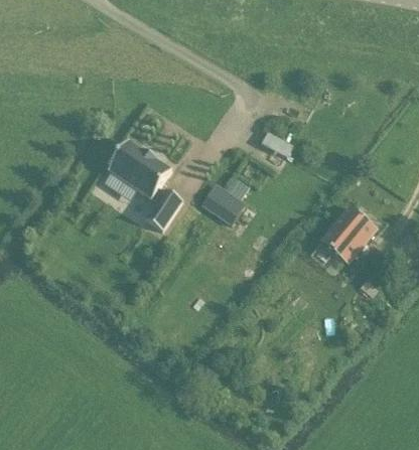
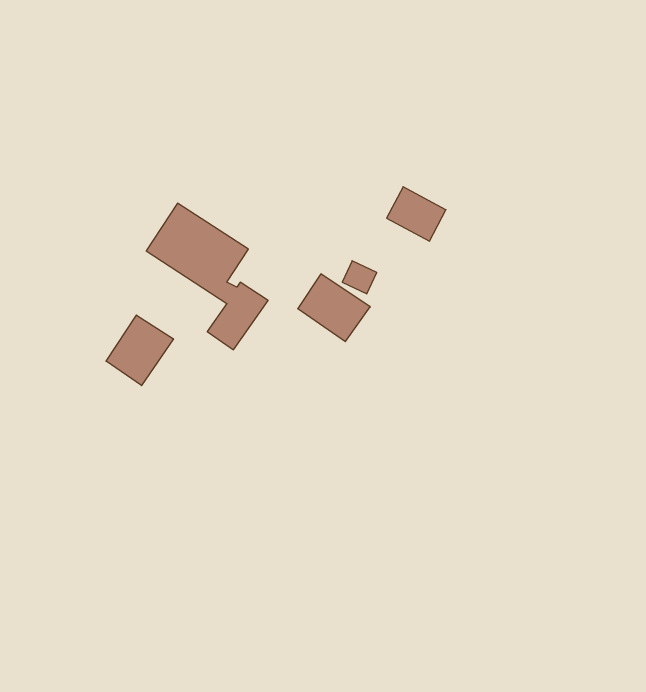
building: [320,206,377,265] -> none
building: none -> [106,315,173,386]

